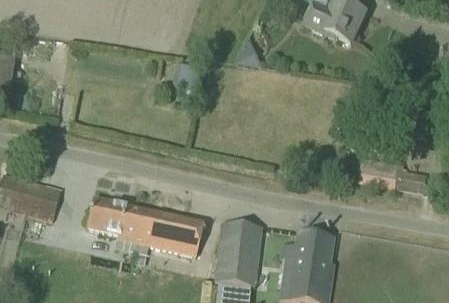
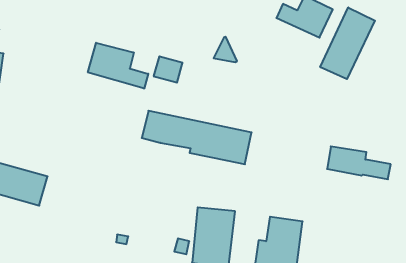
building: none -> [320,7,375,79]
building: none -> [88,43,148,89]
building: [86,198,203,255] -> [142,111,252,164]

